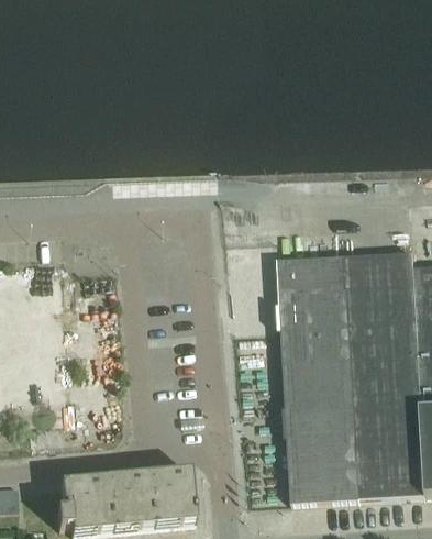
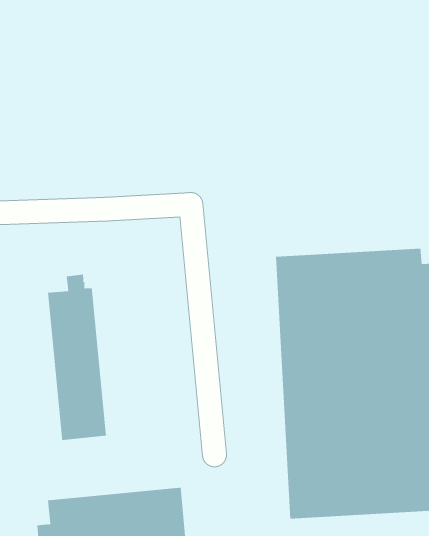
building: none -> [47,273,107,441]

